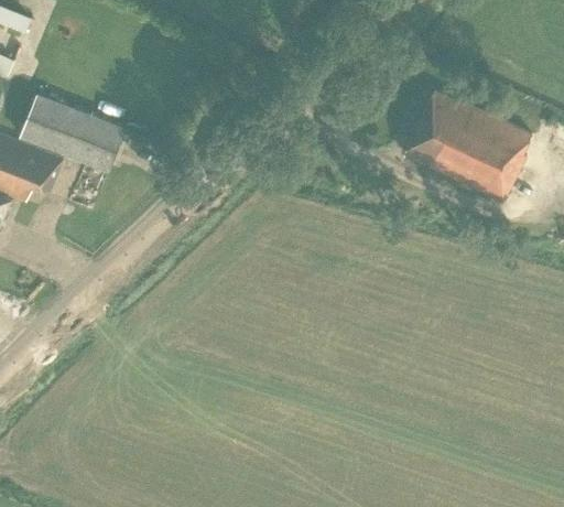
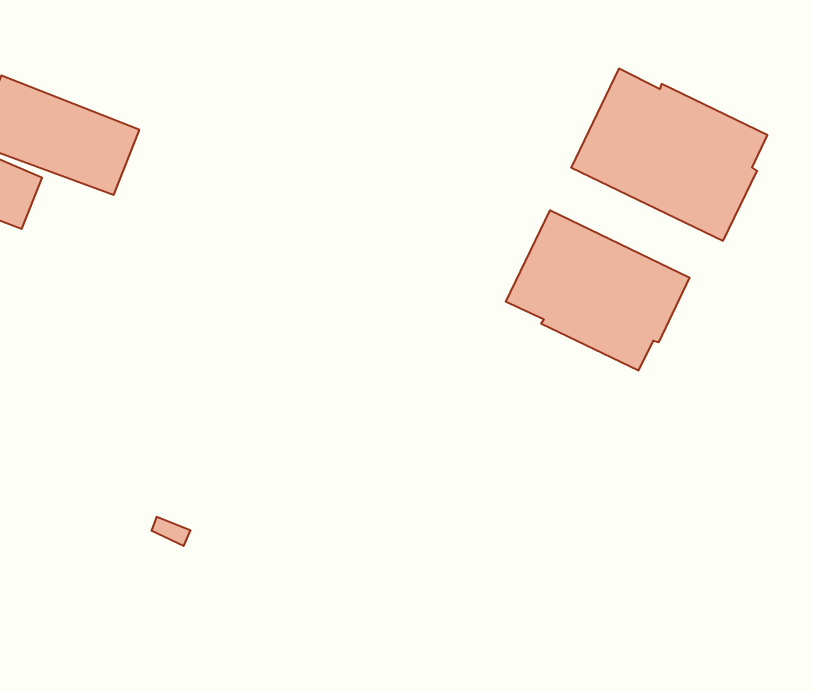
building: none -> [506,210,690,371]

